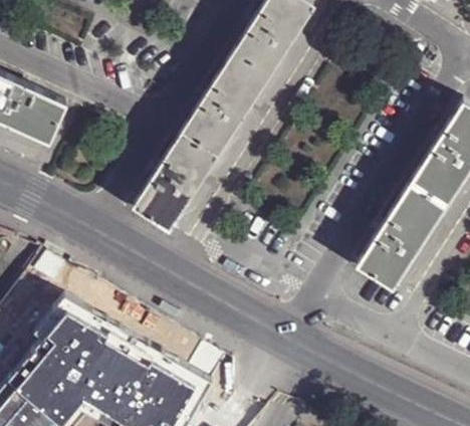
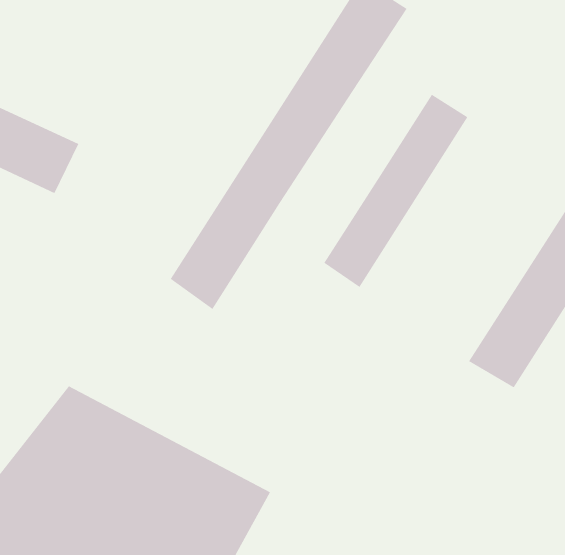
building: none -> [324,94,468,288]

